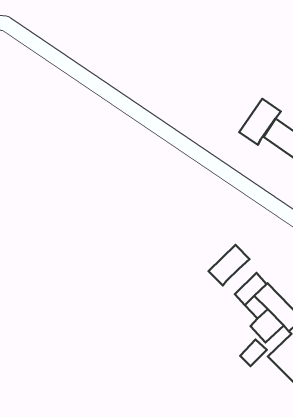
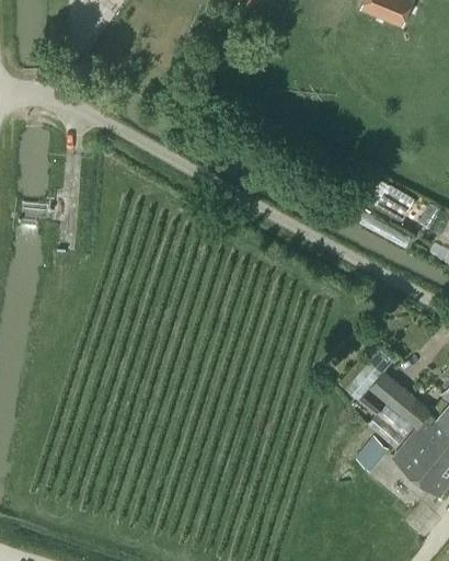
building: [239,99,281,145] -> none
building: [209,245,250,285] -> none

